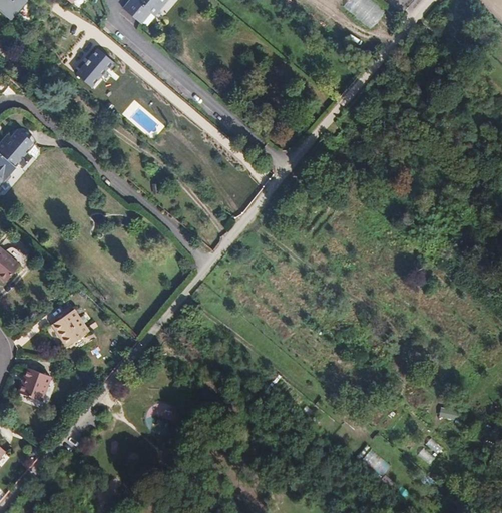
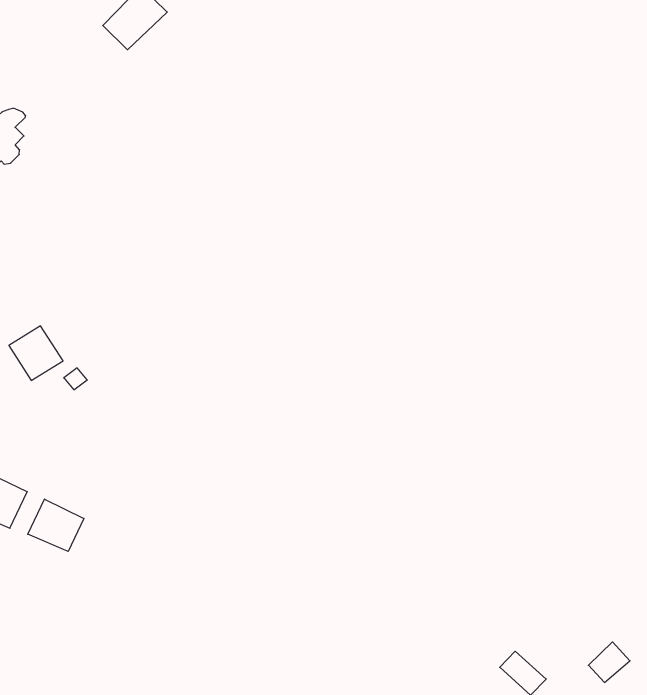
building: [53,308,88,343] -> [9,326,63,380]
building: none -> [28,499,84,551]

